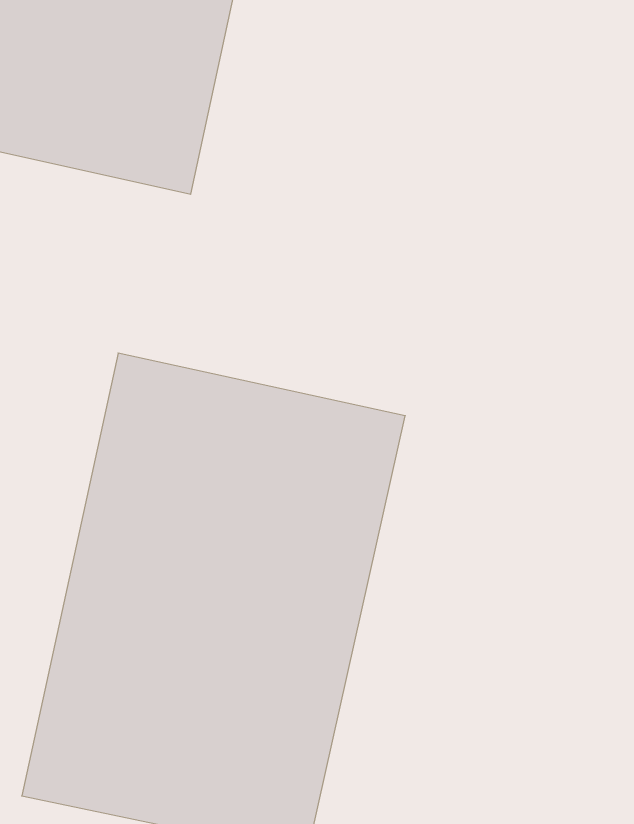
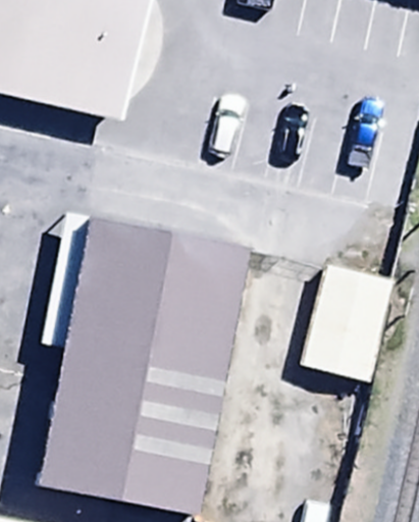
building: none -> [293,263,385,383]

